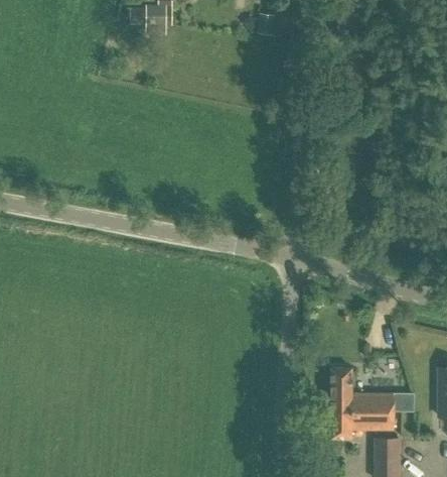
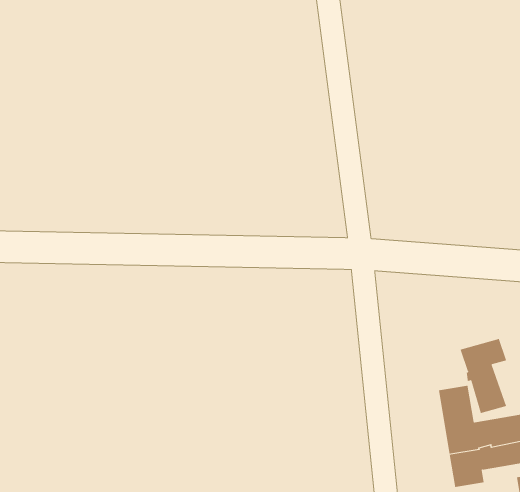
building: none -> [460,338,507,414]

